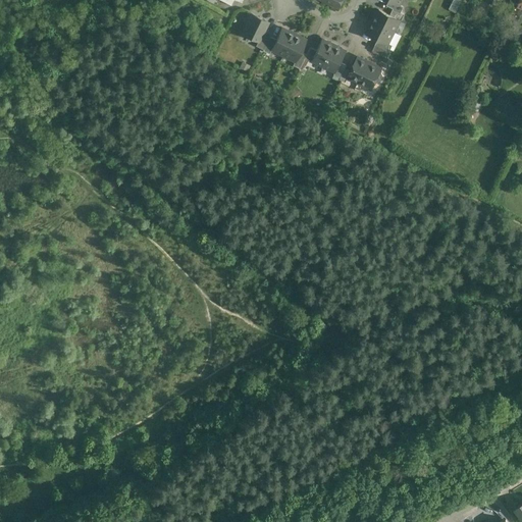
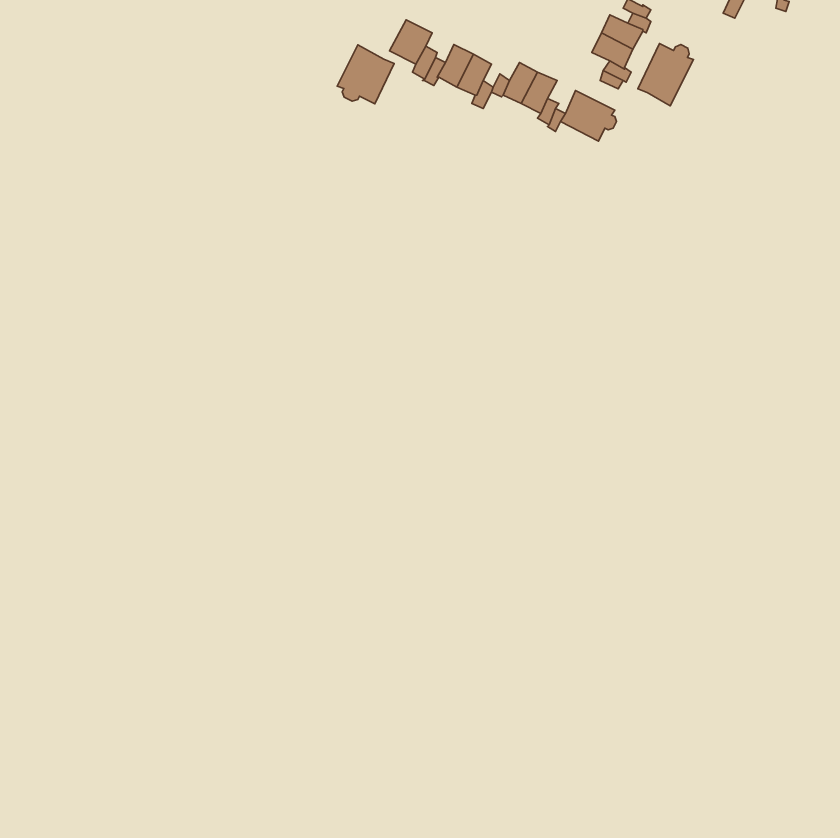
building: none -> [638,44,693,106]
building: none -> [337,45,394,104]

